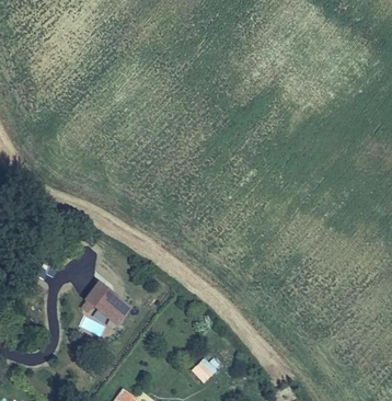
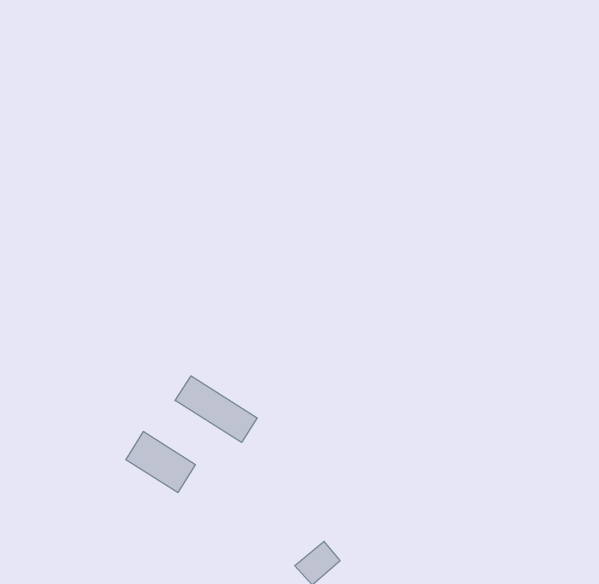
building: none -> [175,376,257,442]

